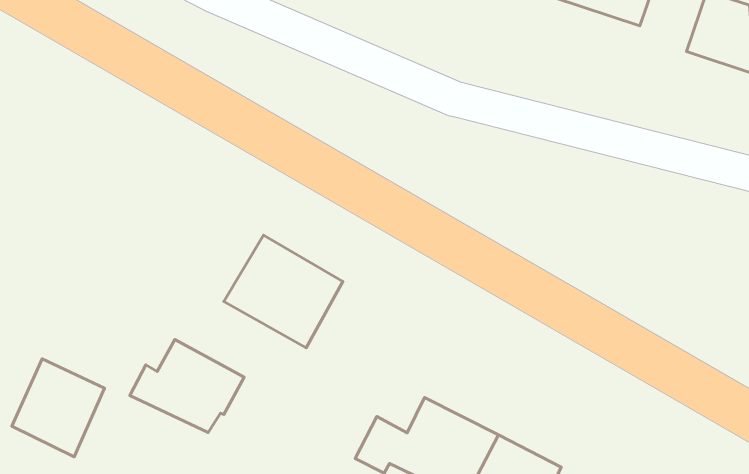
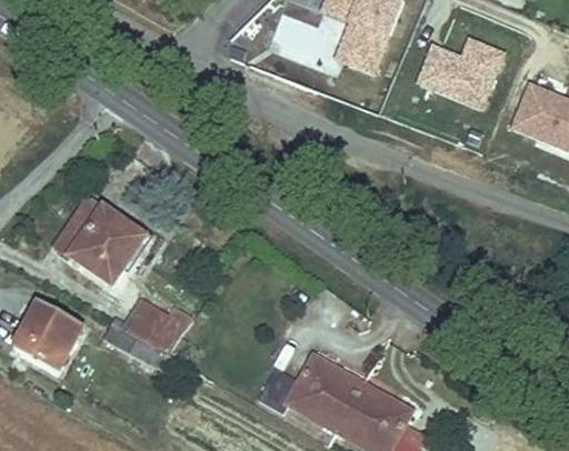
building: [224,235,343,348] -> [59,199,146,282]

